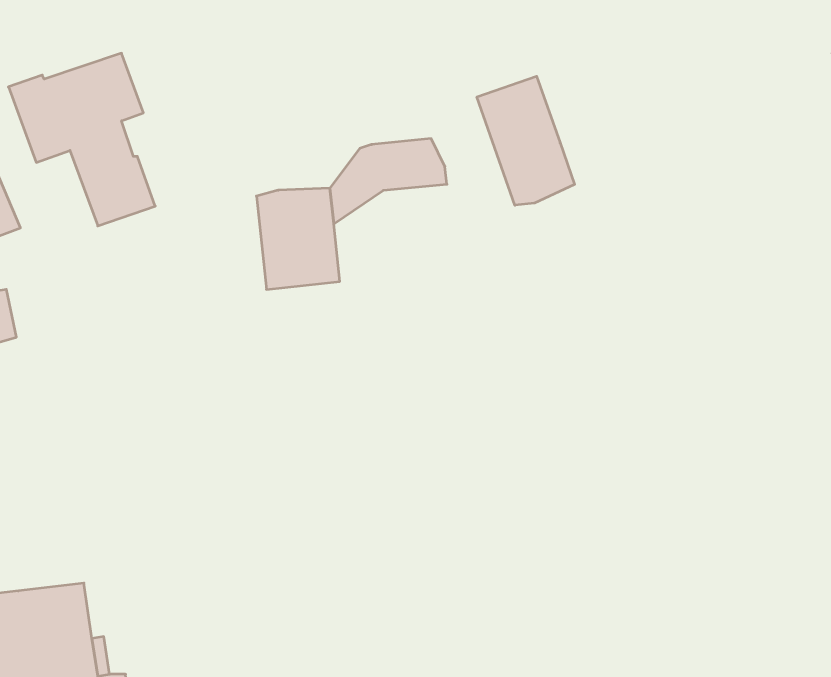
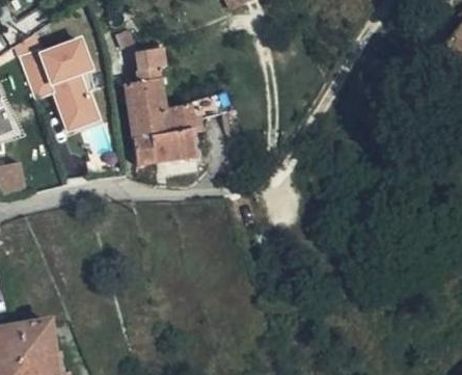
building: none -> [120,49,163,163]
building: [477,76,575,205] -> none

